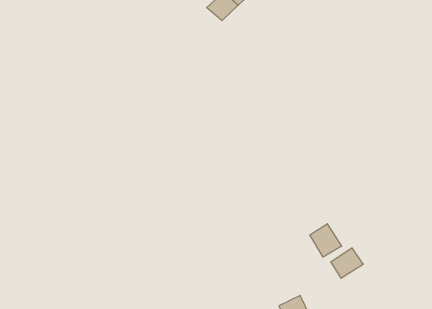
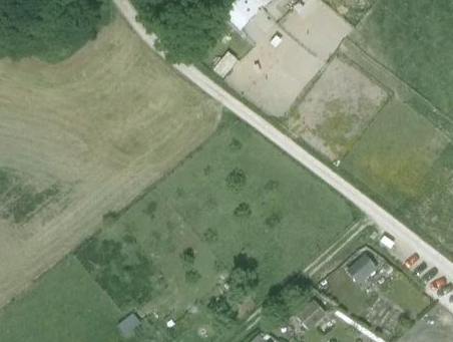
building: [310,224,342,257] -> none

